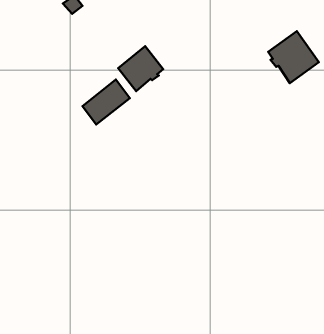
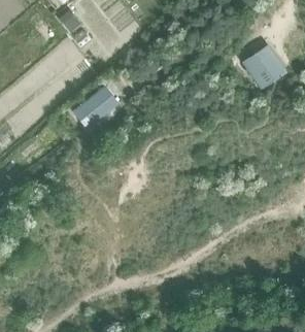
building: [118,46,163,91] -> none

